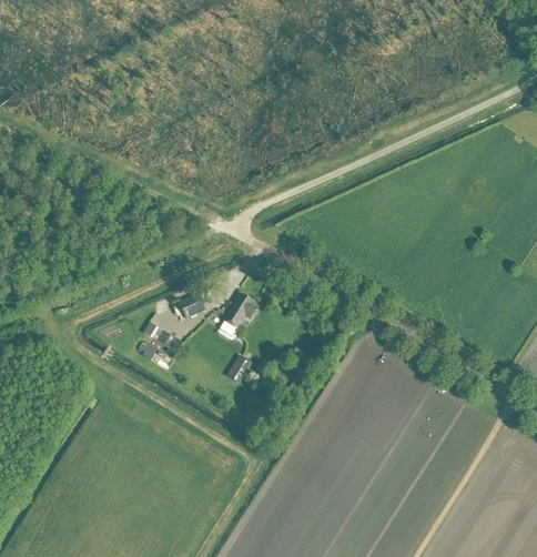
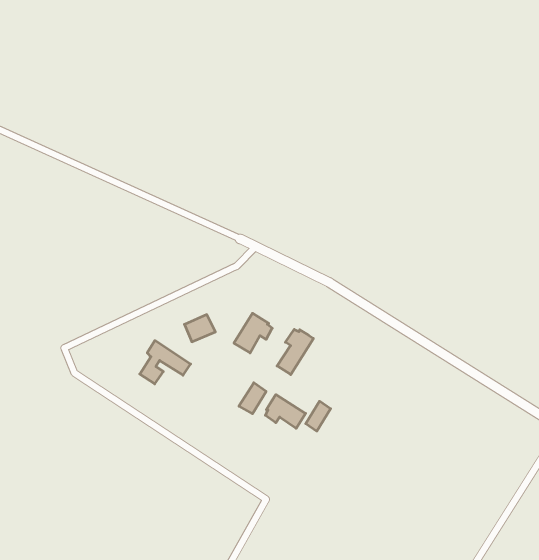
building: none -> [277,329,313,375]
building: none -> [265,395,306,428]

